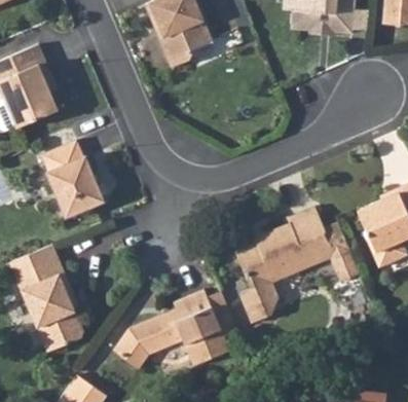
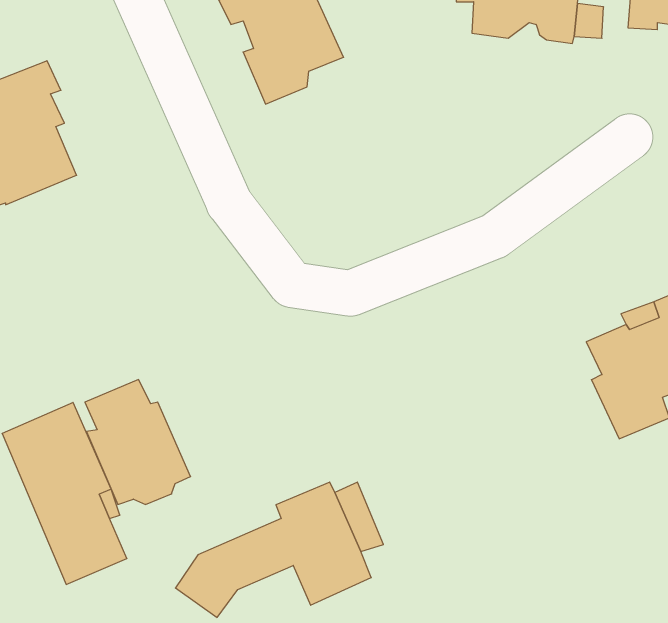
building: [43,145,106,219] -> [85,380,191,504]
building: [236,208,361,325] -> none

